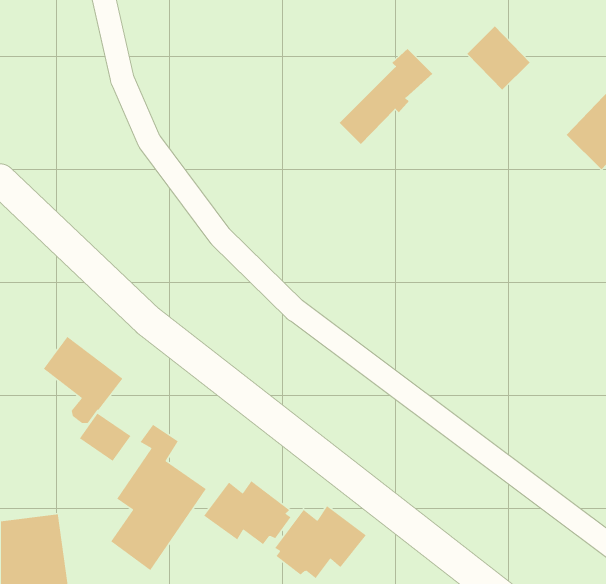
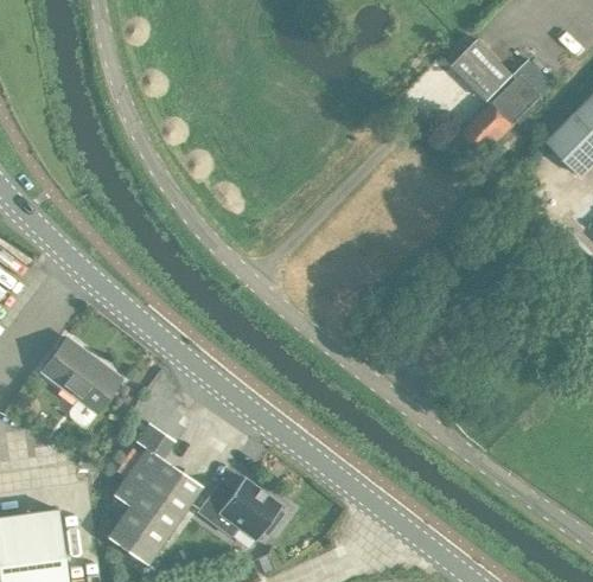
building: [339,48,433,145] -> [463,60,554,154]
building: [79,412,131,462] -> none
building: [274,505,367,579] -> none

